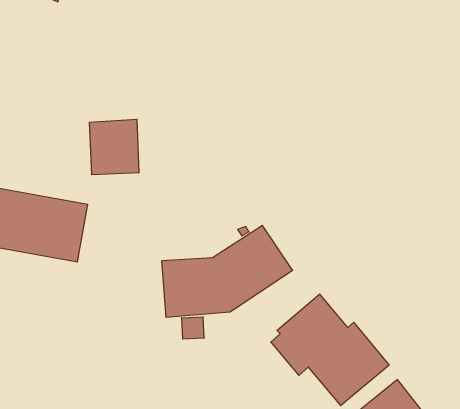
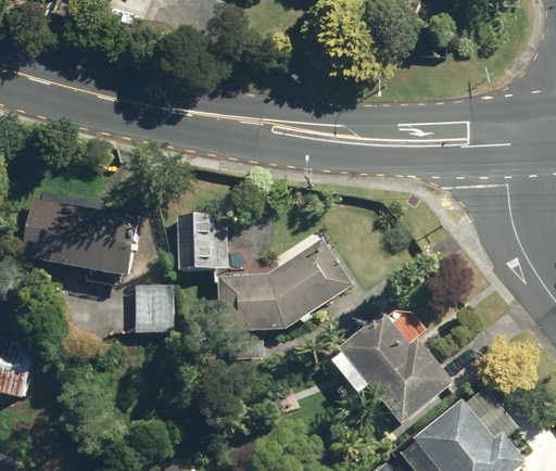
building: [89,119,139,175] -> [176,213,228,270]
building: none -> [136,283,173,331]

